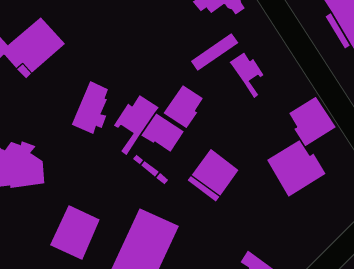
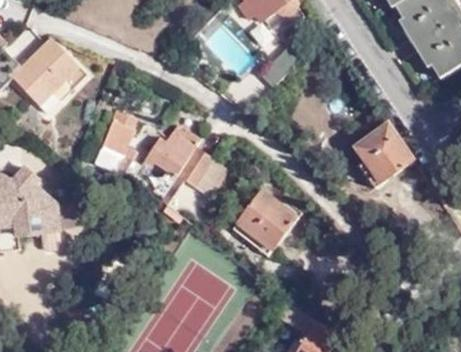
building: [228,51,265,99] -> none
building: [163,84,204,129] -> none
building: [266,139,326,198] -> none
building: [49,204,100,261] -> none

